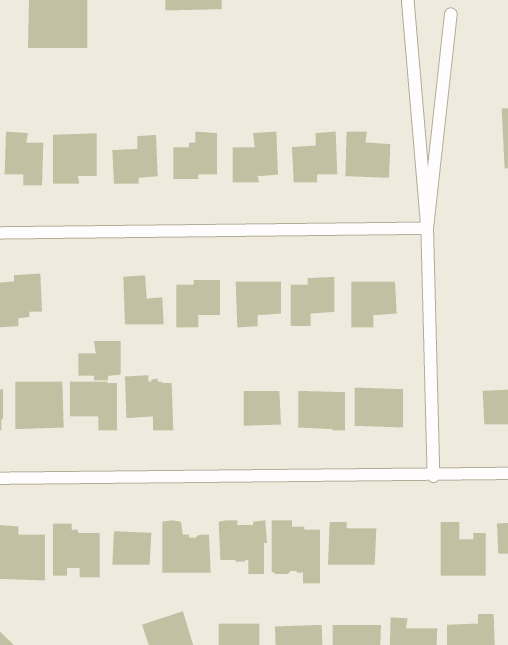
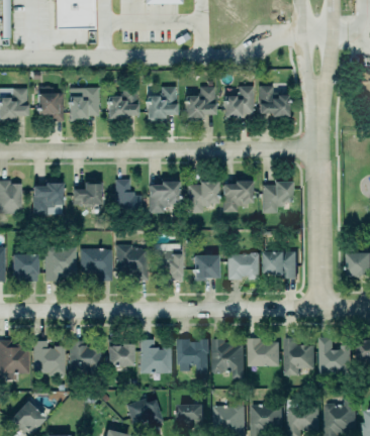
building: [78,340,121,381] -> [74,181,102,207]
building: none -> [156,244,183,281]
building: none -> [284,339,314,376]

